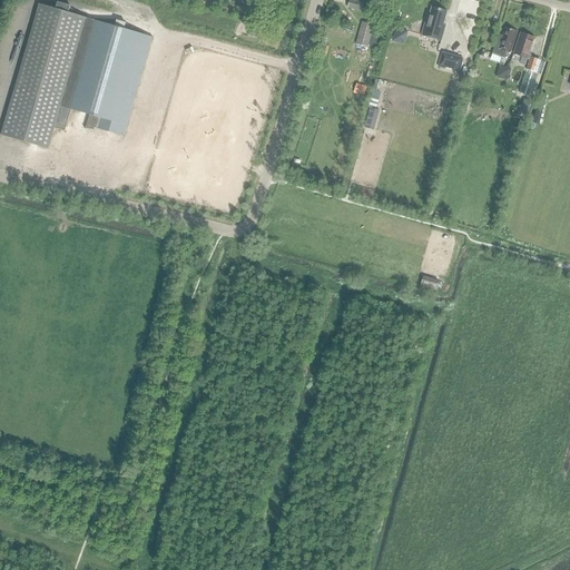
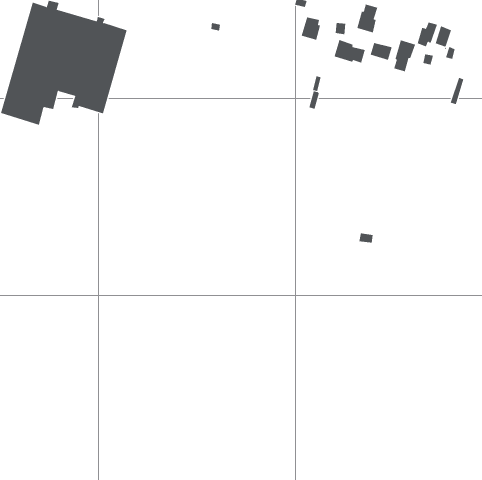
building: none -> [334,39,366,63]
building: none -> [393,40,416,72]

